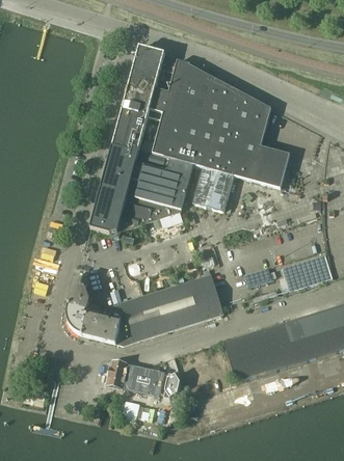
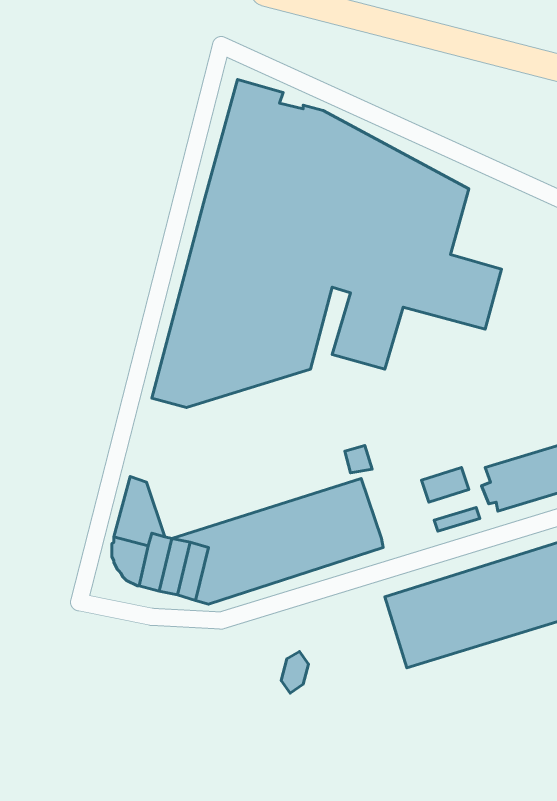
building: [106,359,165,396] -> none

